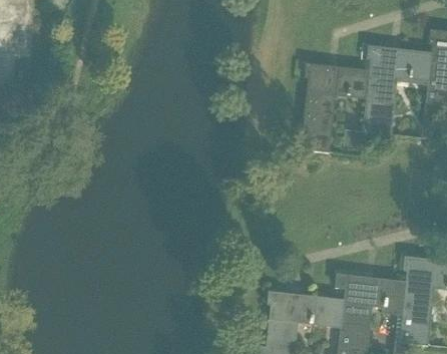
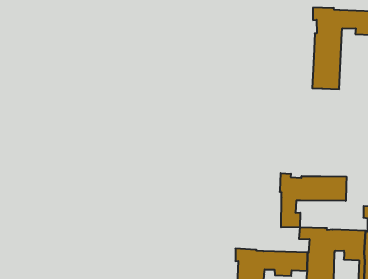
building: [300,62,368,150] -> none
building: none -> [280,173,346,227]

